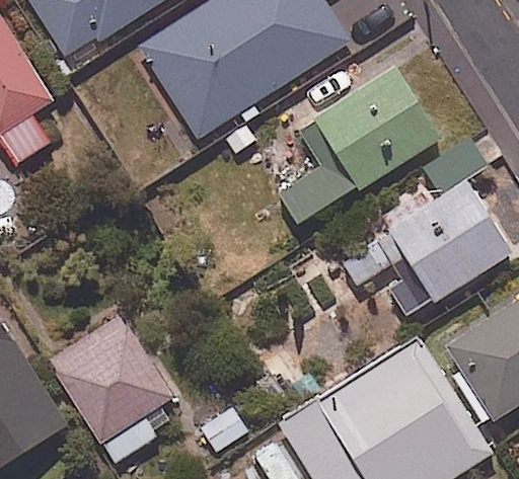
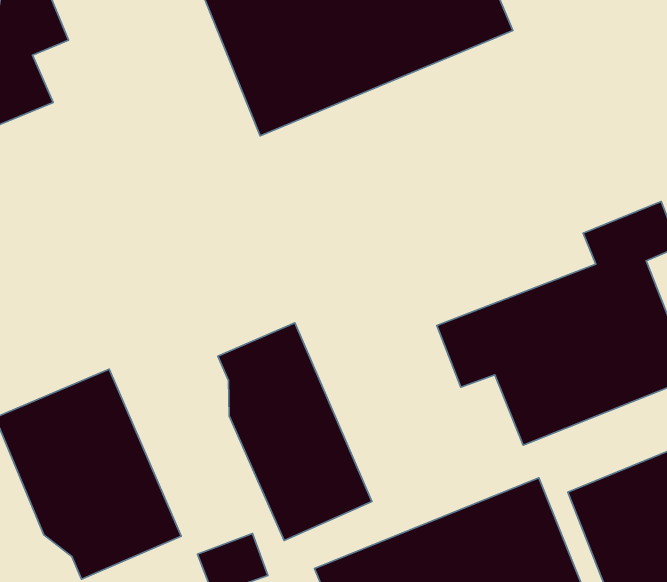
building: [280,63,440,227] -> none
building: none -> [218,323,372,540]

